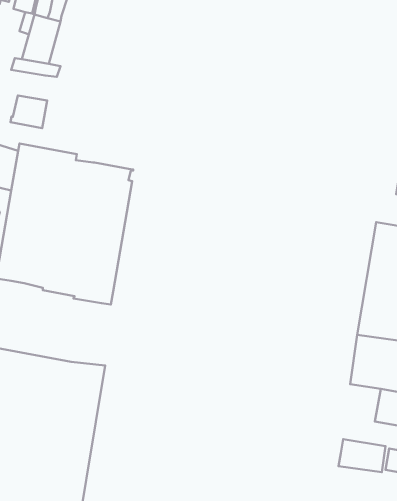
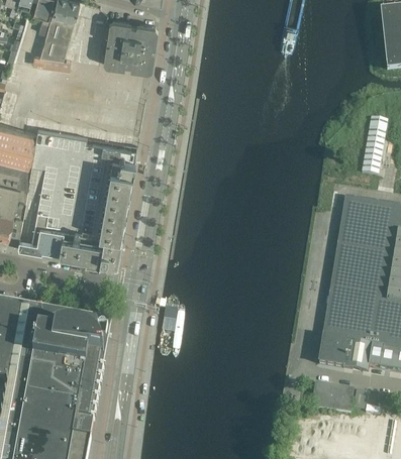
building: none -> [104,18,158,71]
building: [10,95,47,128] -> none
building: none -> [319,334,349,366]

